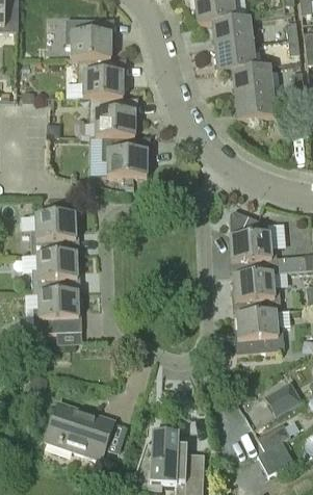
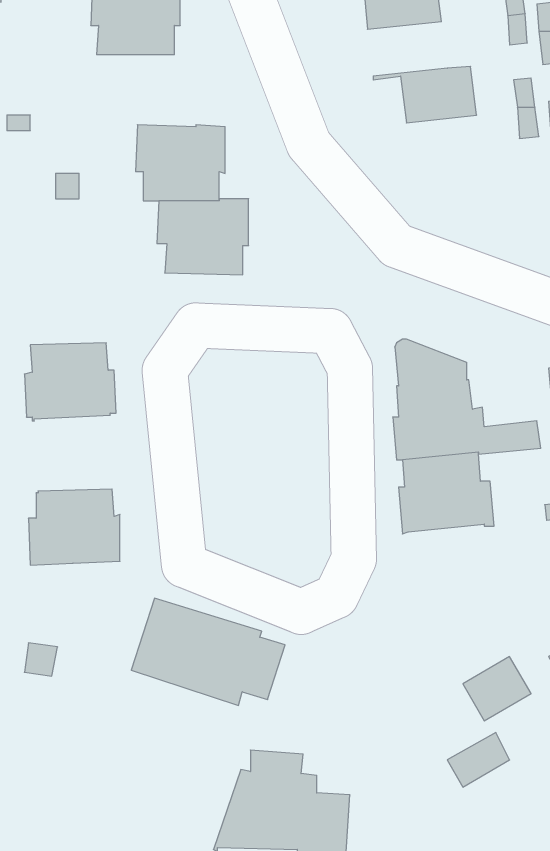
building: [214,42,257,71] -> none
building: [79,58,127,98] -> none
building: [235,92,276,121] -> none
building: [32,252,81,293] -> none
building: [234,310,285,354] -> none
building: [46,401,128,459] -> [131,598,285,705]
building: [258,441,293,474] -> none

